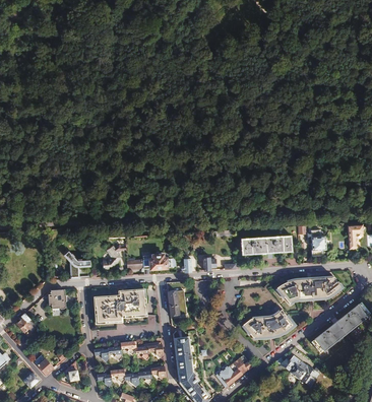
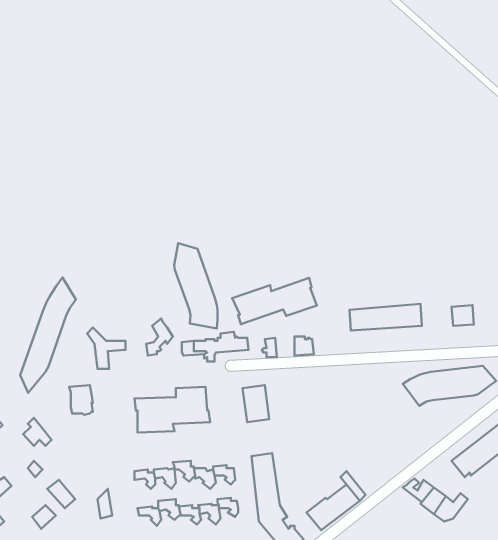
building: none -> [174,243,218,328]
building: none -> [20,277,76,393]
building: none -> [232,278,317,324]
building: [243,310,293,339] -> none

